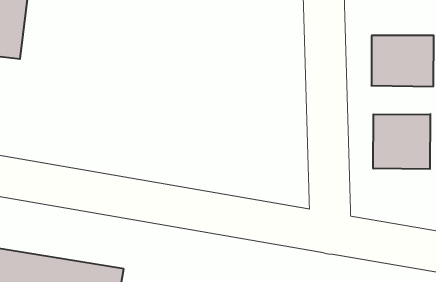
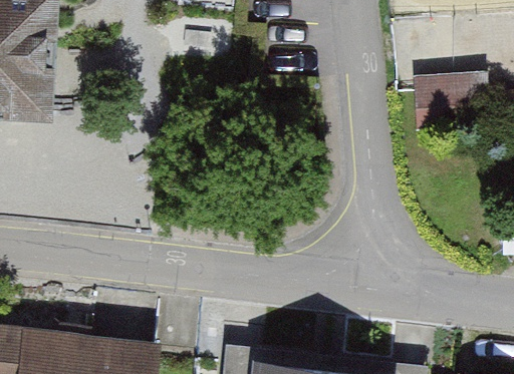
building: [373,114,430,169] -> none

